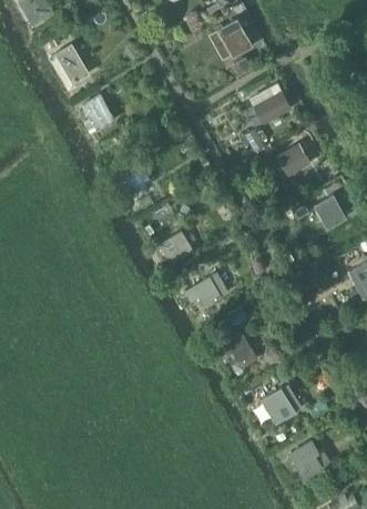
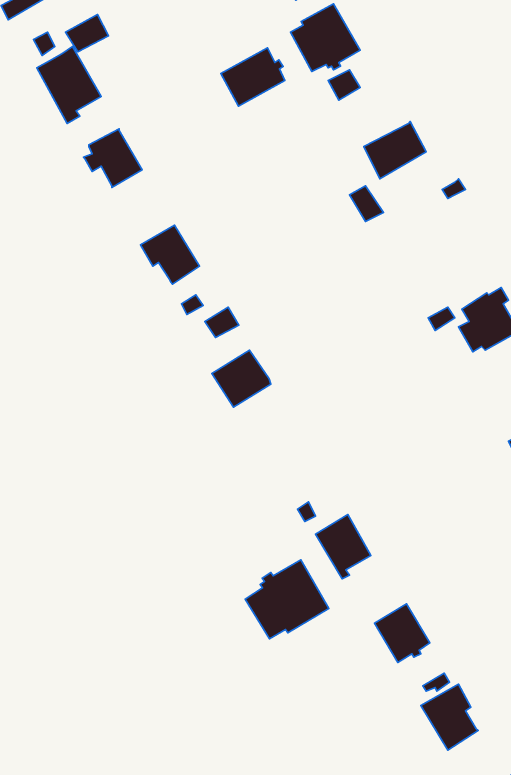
building: none -> [221,48,285,106]
building: [276,143,310,177] -> none
building: [184,272,228,306] -> none
building: none -> [245,560,329,639]

